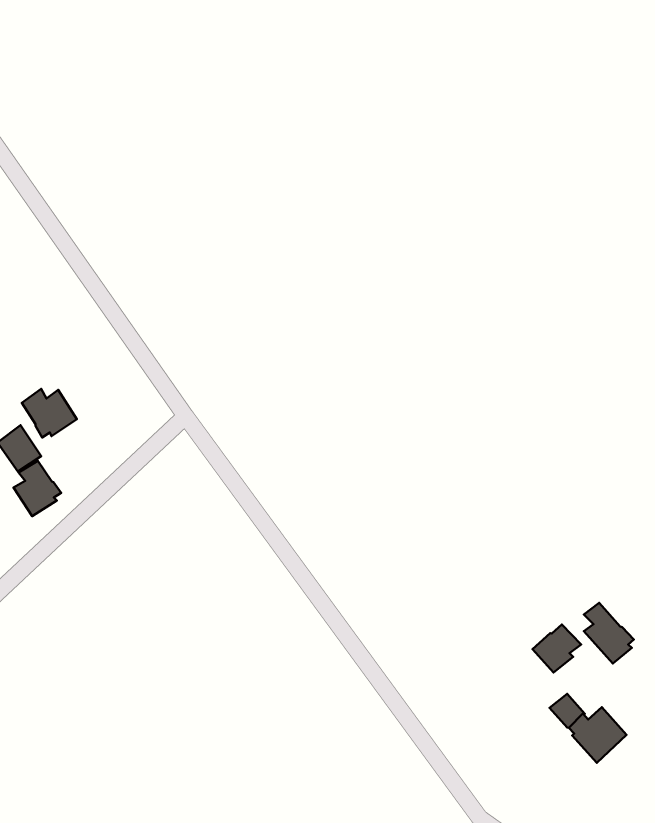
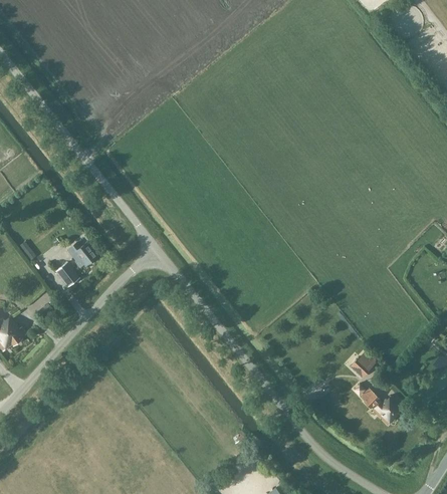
building: [13,461,61,516] -> none
building: [584,603,634,664] -> none

